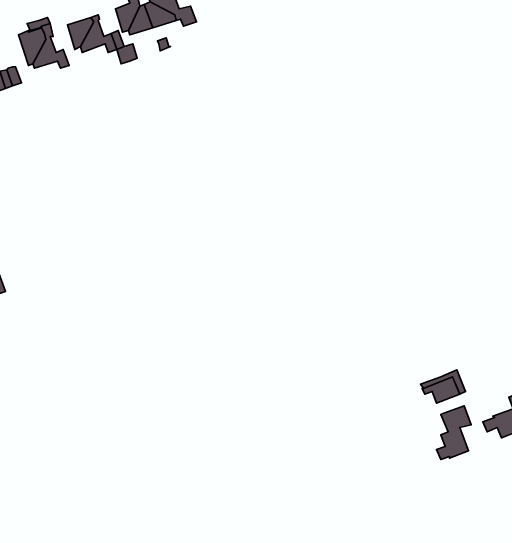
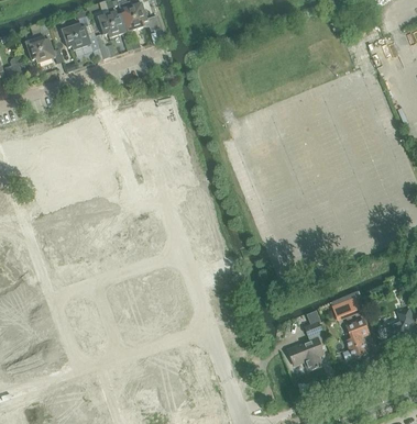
building: none -> [287,309,327,369]

